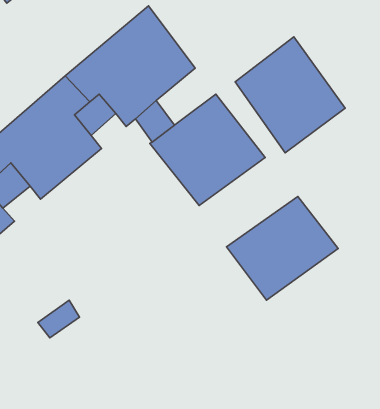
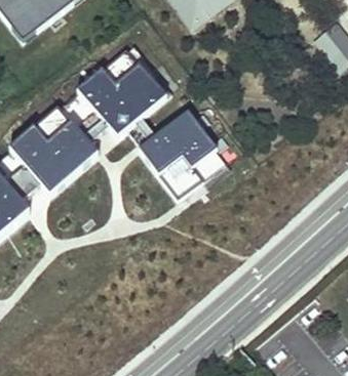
building: [235,37,345,153] -> none
building: [227,196,338,300] -> none

